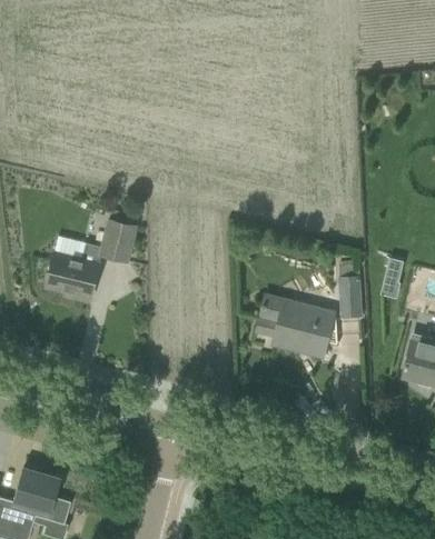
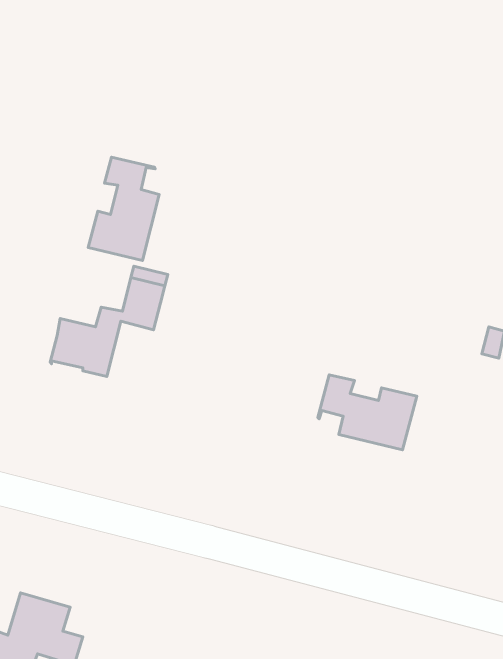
building: none -> [88,157,159,260]
building: [339,261,360,319] -> none

